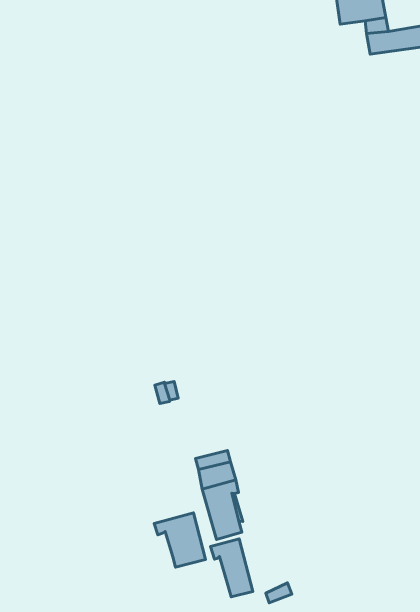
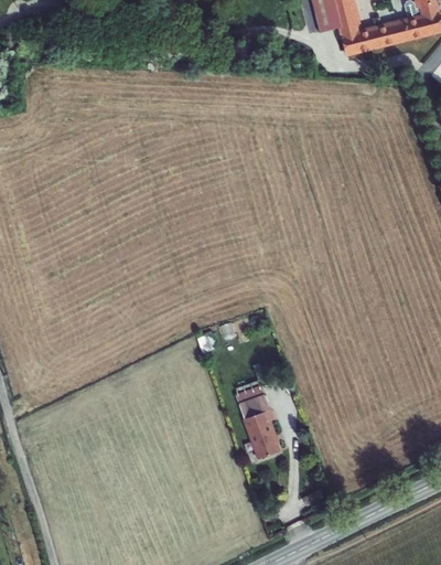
building: [154,513,206,567] -> none
building: [210,539,253,597] -> none

